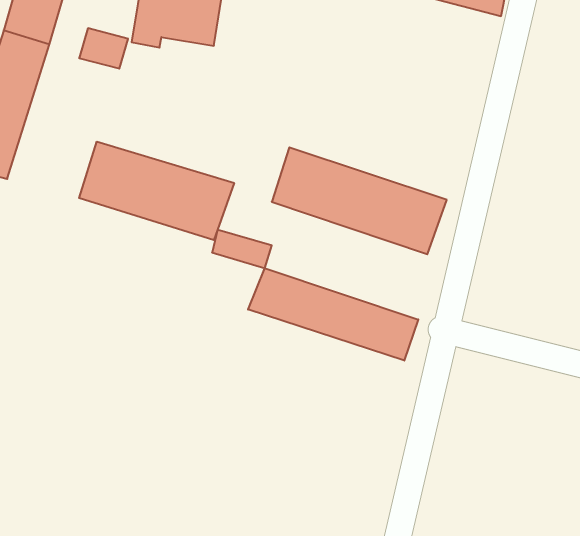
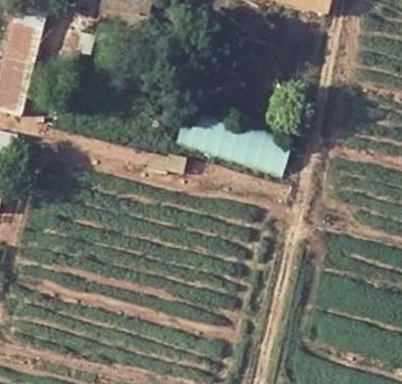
building: [79,142,234,240] -> none
building: [248,268,418,361] -> none

